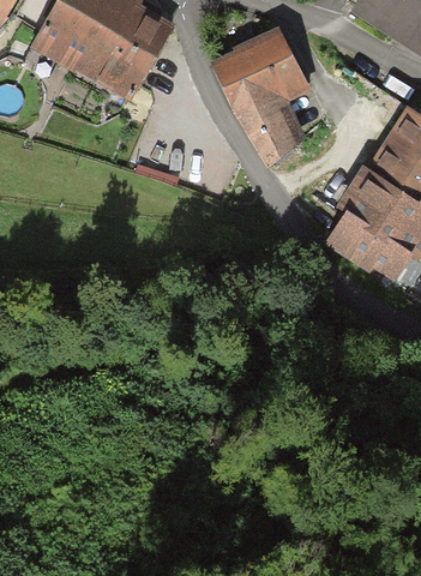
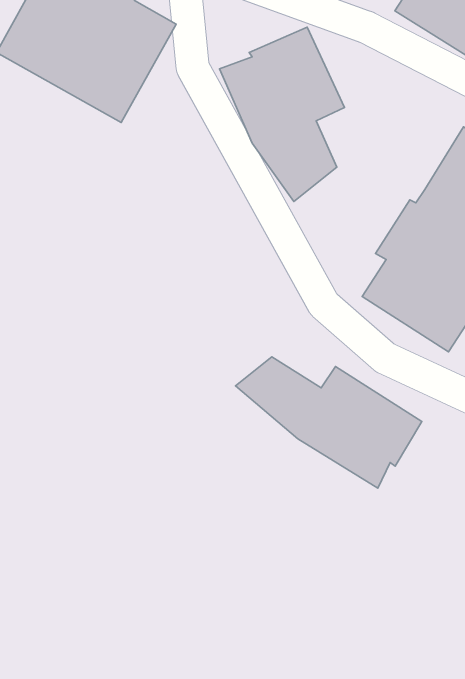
building: none -> [235,357,422,488]

